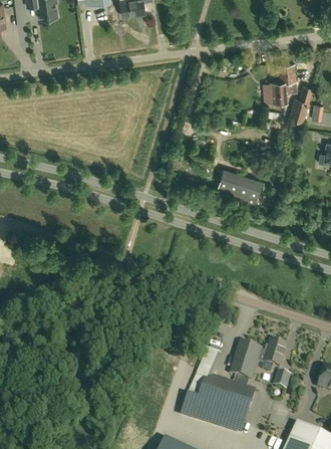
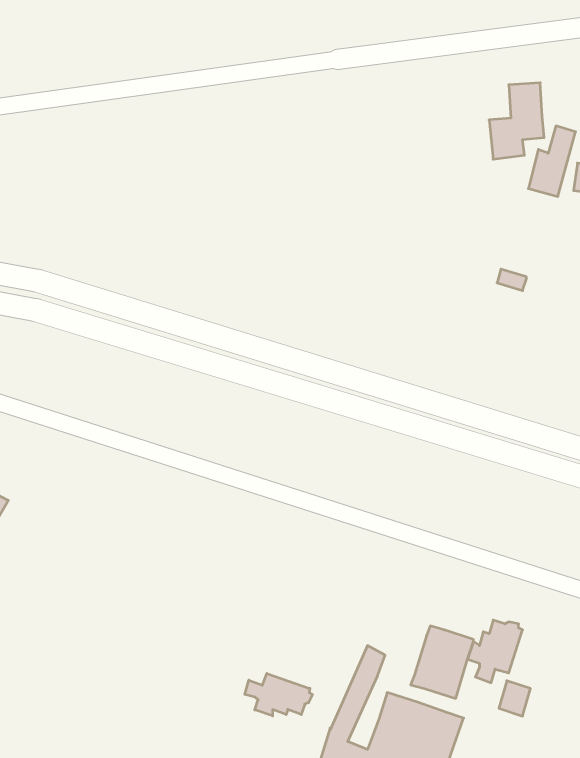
building: [216,170,262,205] -> none
building: none -> [245,673,312,716]

